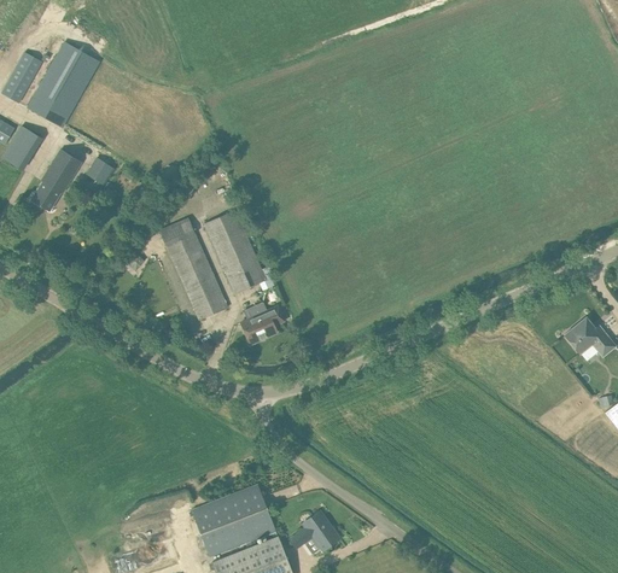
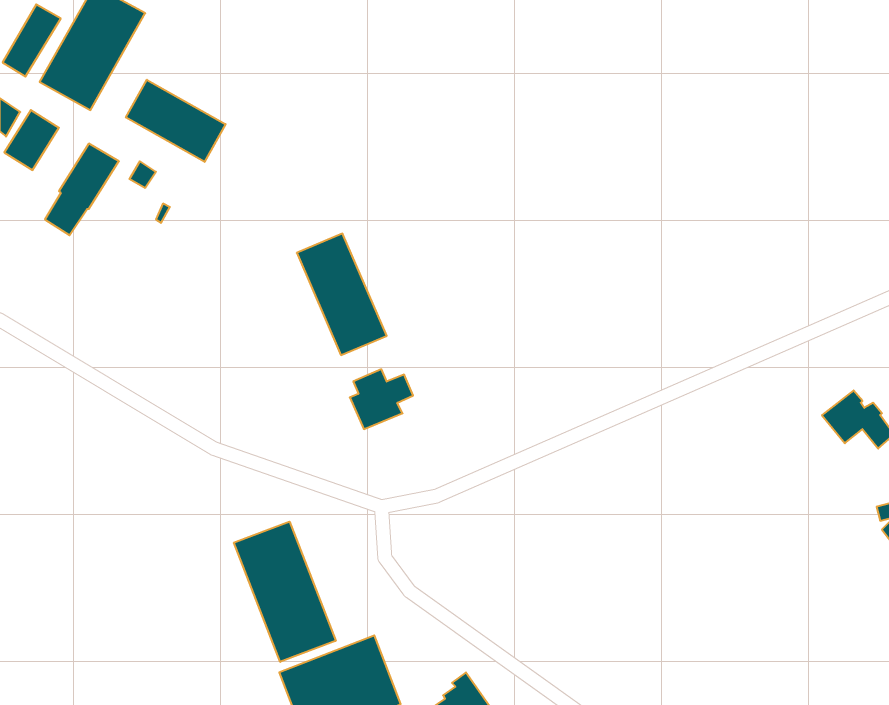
building: none -> [126,80,226,162]
building: [159,217,227,320] -> none
building: none -> [234,522,336,662]

